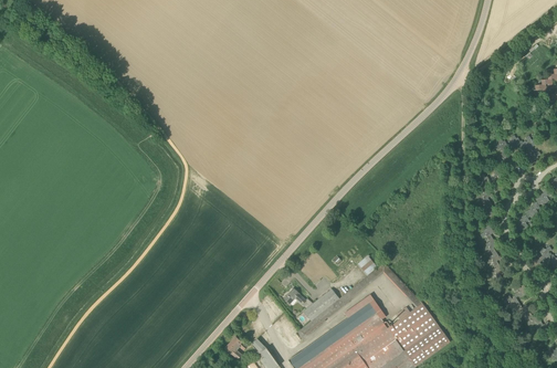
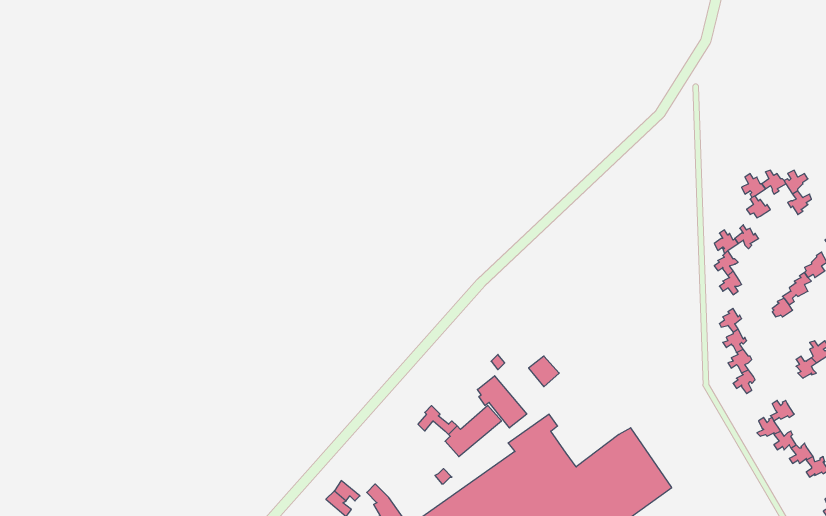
building: none -> [477,376,527,428]

